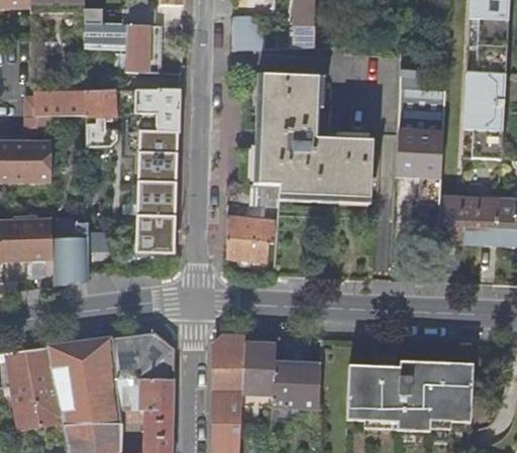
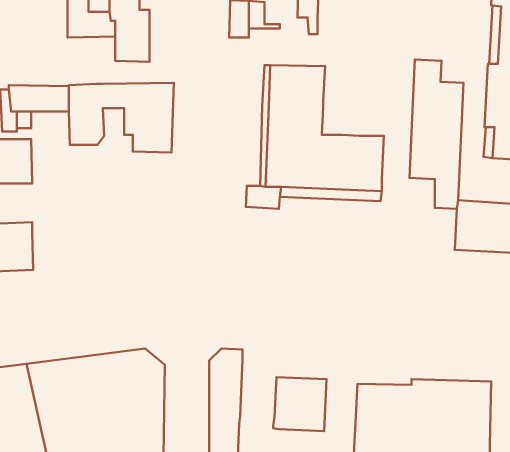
building: [141,152,179,257] -> none
building: [225,207,276,261] -> none
building: [51,211,88,285] -> none
building: [241,342,276,394] -> none

